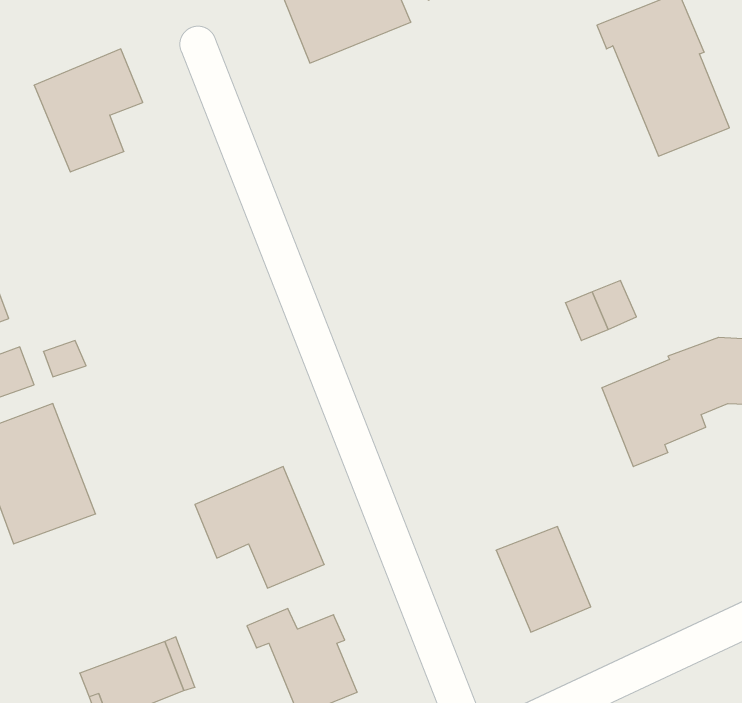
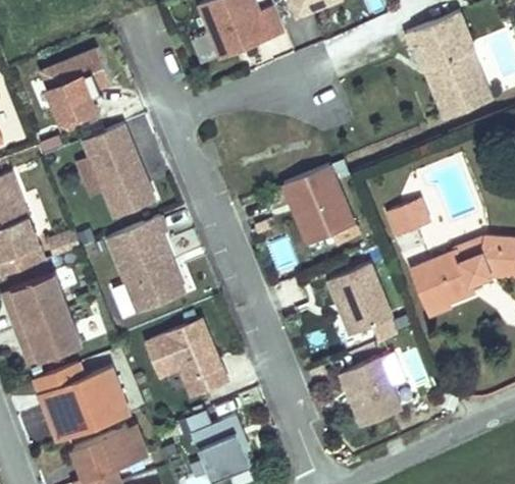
building: none -> [84,123,155,216]
building: none -> [284,164,354,244]
building: none -> [107,216,183,312]
building: none -> [325,262,398,340]
building: none -> [34,367,128,444]

